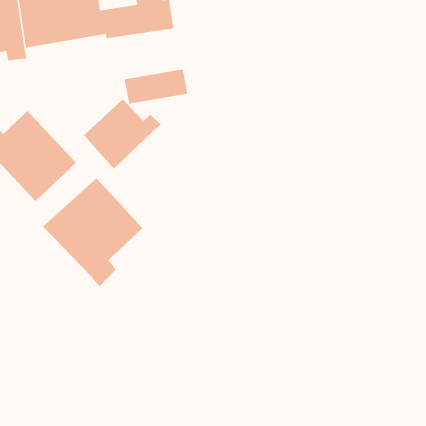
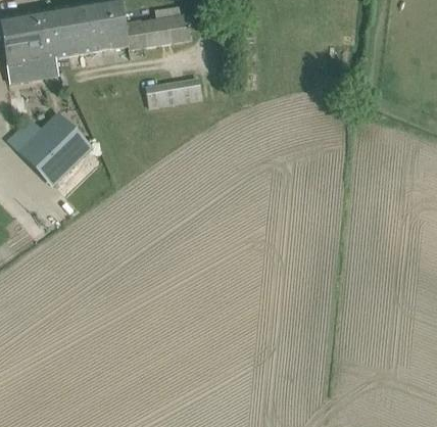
building: [83,98,162,170] -> none
building: [42,178,143,287] -> none

